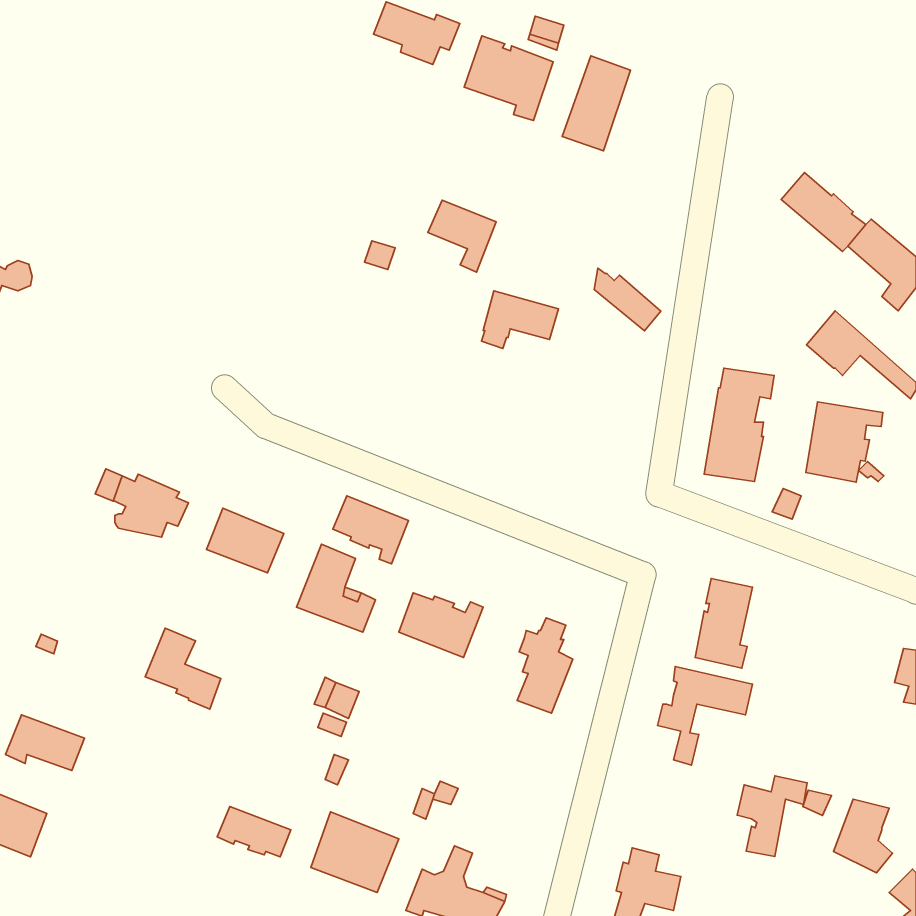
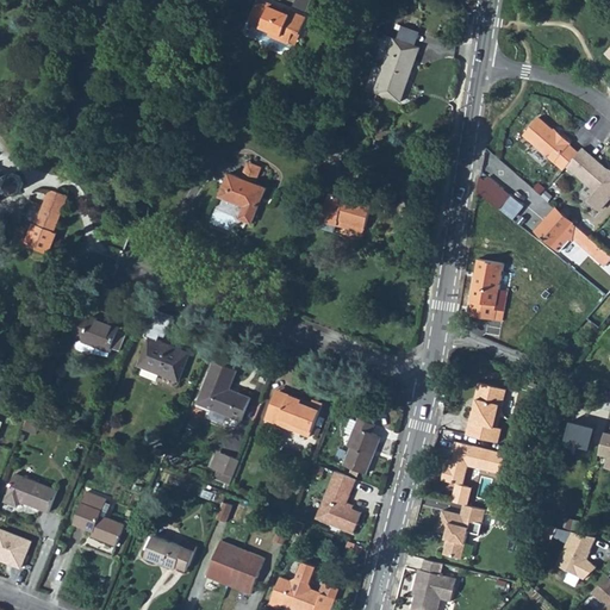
building: [464,36,553,120] -> none
building: [428,200,496,272] -> [218,175,263,223]
building: [594,268,661,331] -> [477,178,521,219]
building: none -> [25,192,67,253]
building: [806,402,883,482] -> none
building: [333,496,408,564] -> none
building: [145,628,221,709] -> [73,492,123,546]
building: none -> [561,419,592,448]
building: none -> [316,473,361,534]
building: [737,776,807,857] -> [434,509,480,562]

